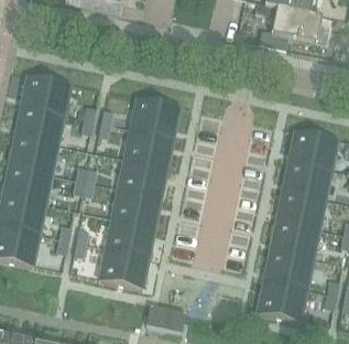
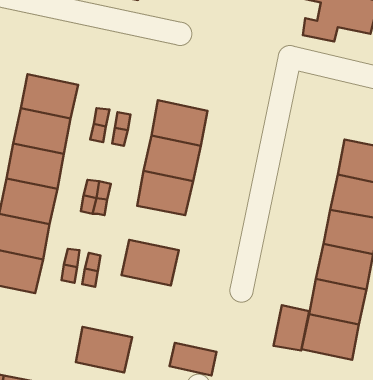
building: [112,189,160,226] -> none
building: [100,247,148,286] -> [76,327,132,372]
building: none -> [274,305,309,351]

